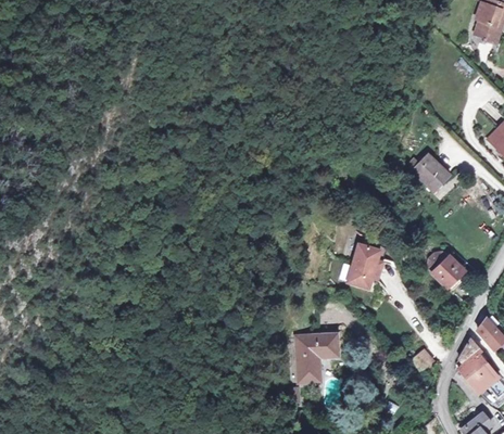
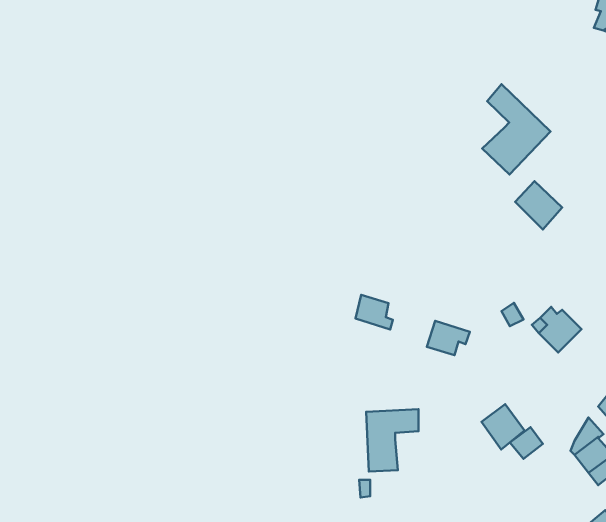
building: none -> [482,84,551,175]
building: [350,245,379,272] -> [356,295,393,329]
building: none -> [482,404,525,449]

